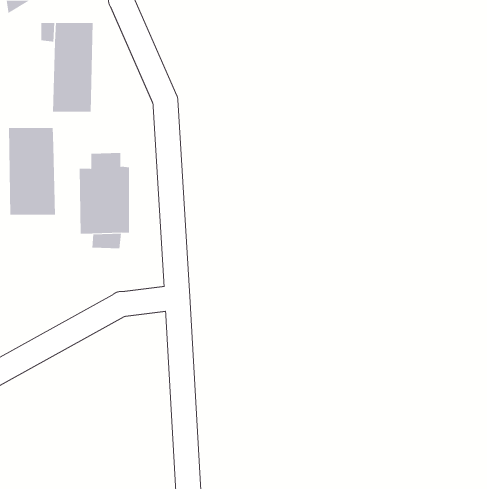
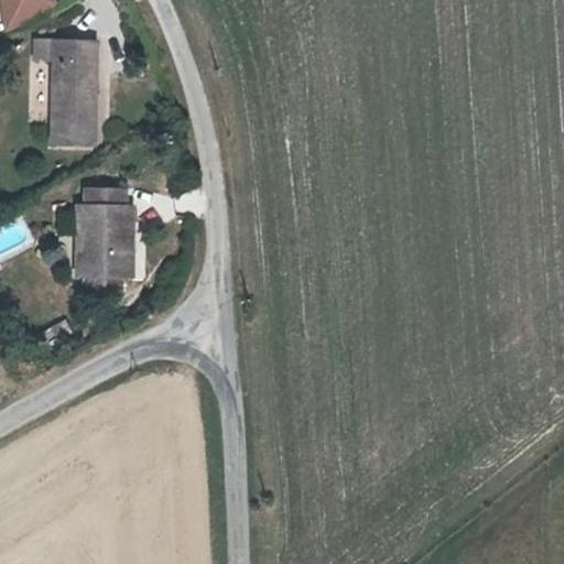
building: [8,127,56,216] -> none

